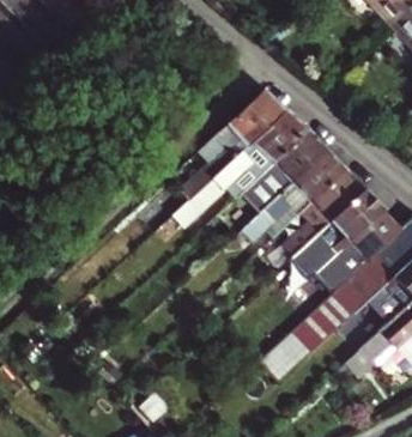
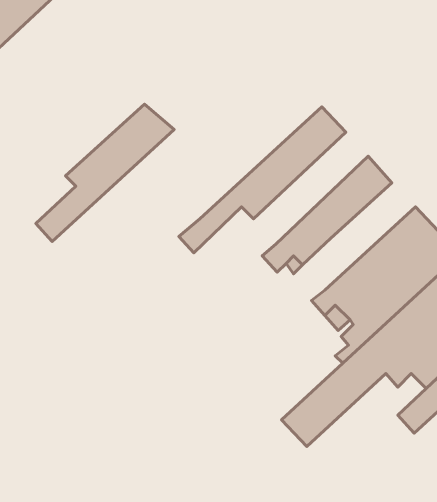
building: [177,89,289,199] -> [36,104,174,241]
building: [234,129,326,219] -> none
building: [279,170,364,256] -> none

